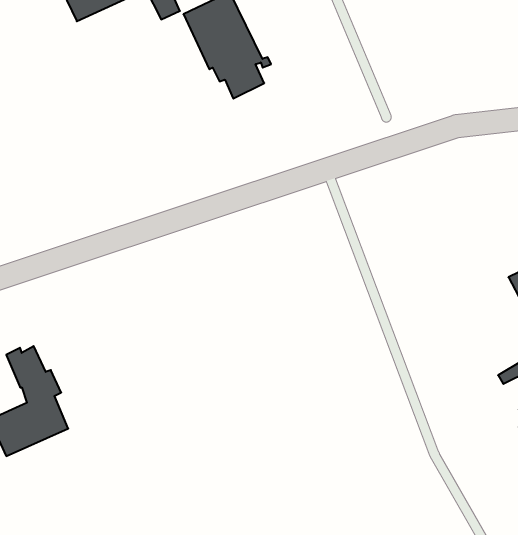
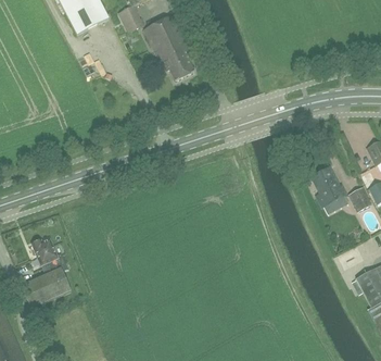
building: none -> [312,166,345,206]

